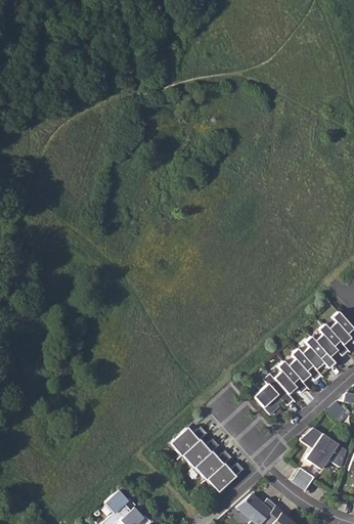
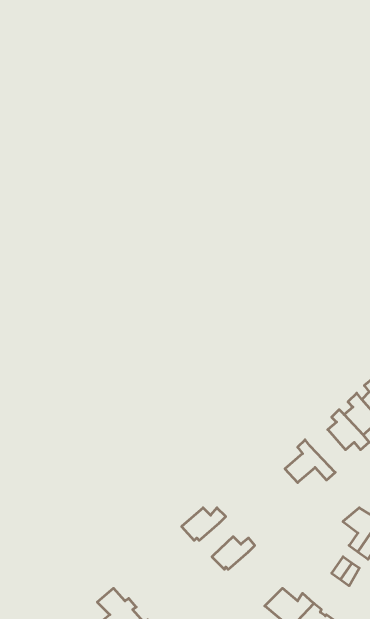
building: [274,360,308,394] -> none
building: [183,440,218,467] -> none
building: [207,464,242,492] -> none

